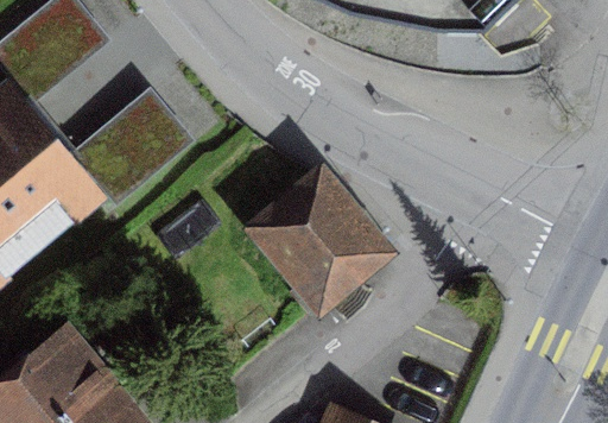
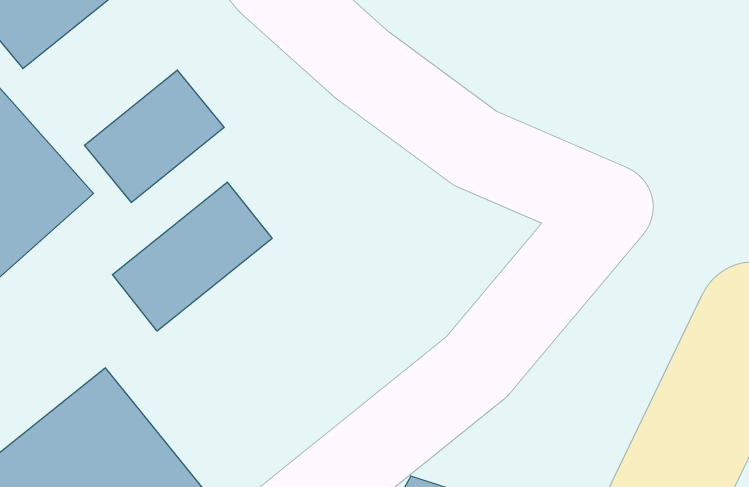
building: [247,166,394,314] -> none
building: none -> [112,182,272,331]

